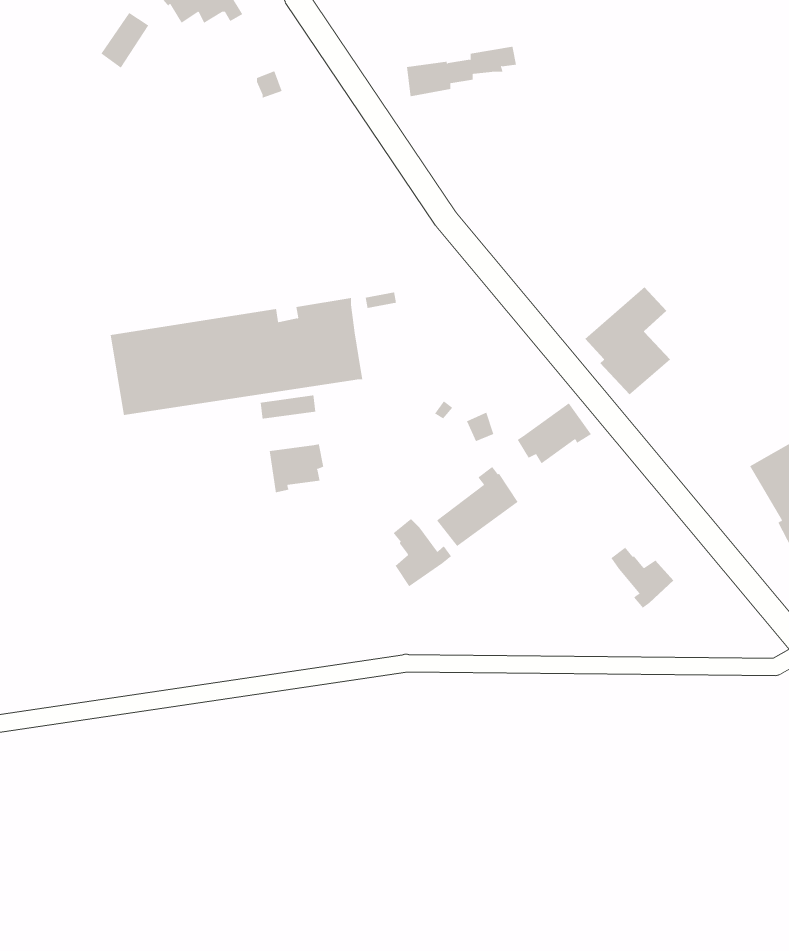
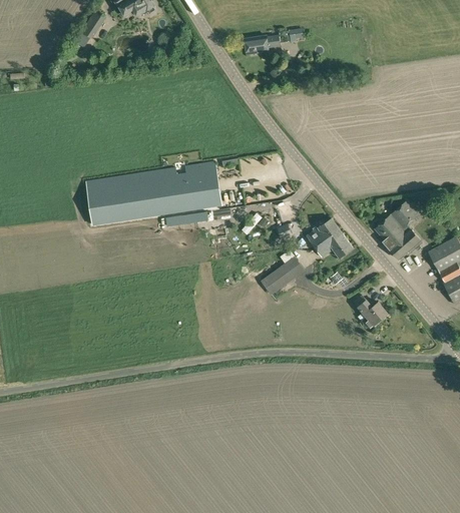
building: [585,286,671,395] -> [375,201,421,260]
building: none -> [317,235,353,259]
building: [269,444,324,493] -> none
building: [393,518,452,587] -> none

